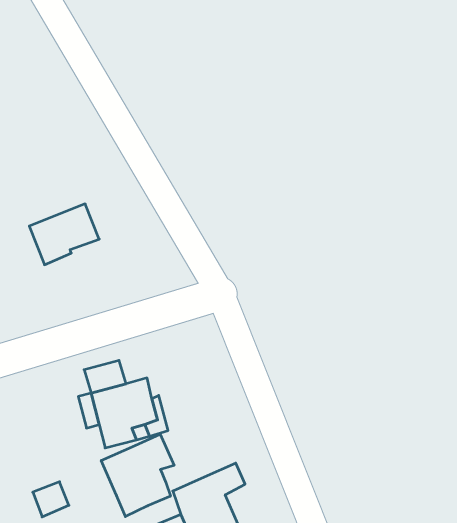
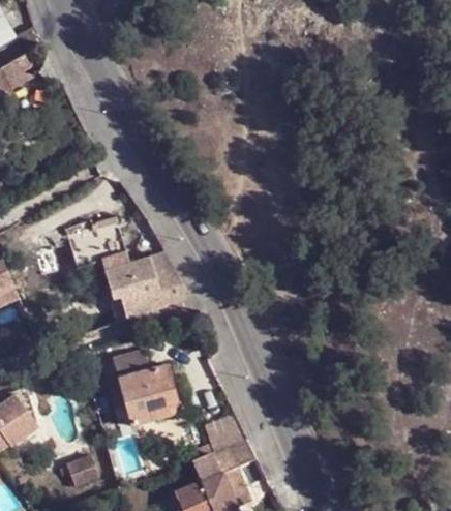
building: none -> [102,251,186,320]
building: none -> [206,414,246,452]
building: [101,434,174,517] -> none

